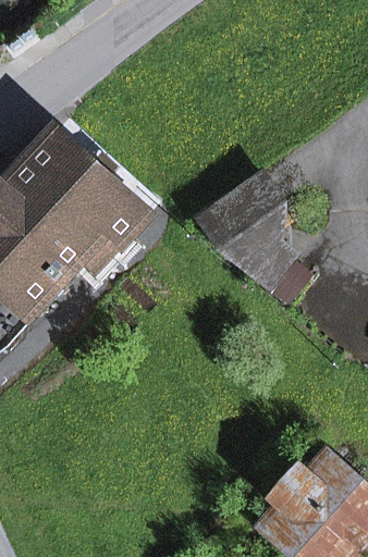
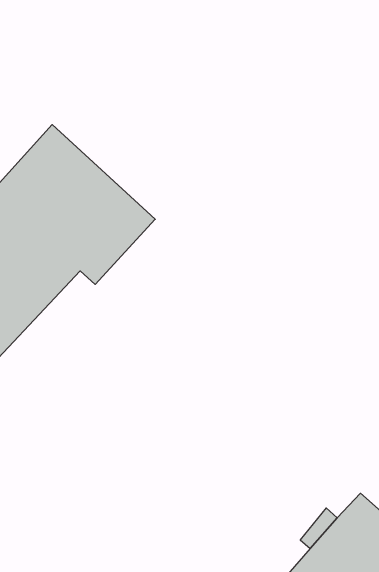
building: [197,173,284,281] -> none

